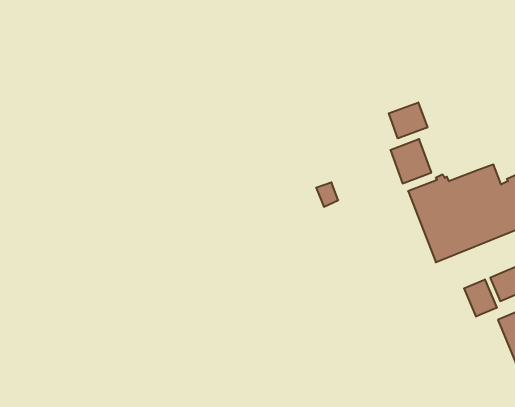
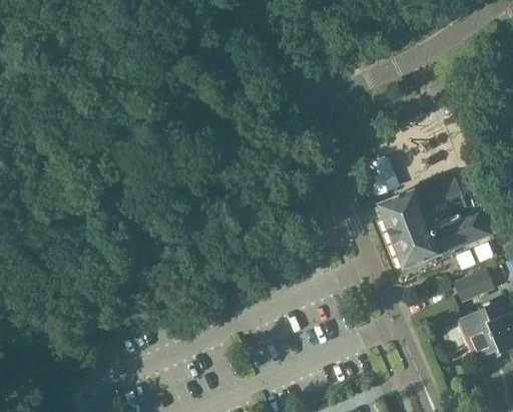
building: [389,102,427,138] -> none
building: [464,279,497,317] -> none

